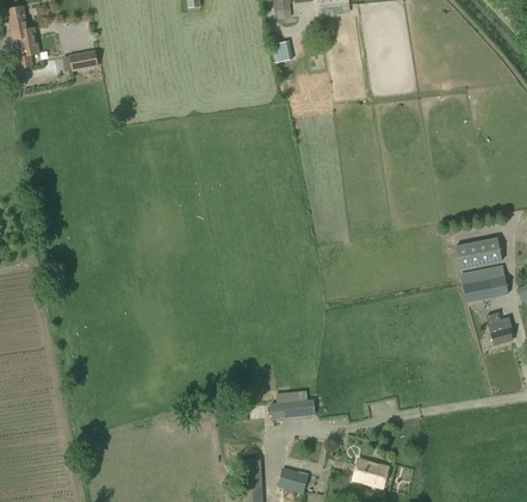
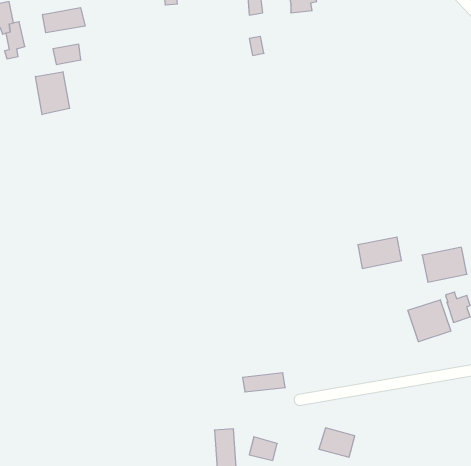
building: none -> [43,8,85,33]
building: none -> [36,72,70,115]
building: [455,236,502,269] -> [358,237,402,268]
building: none -> [408,300,451,342]

